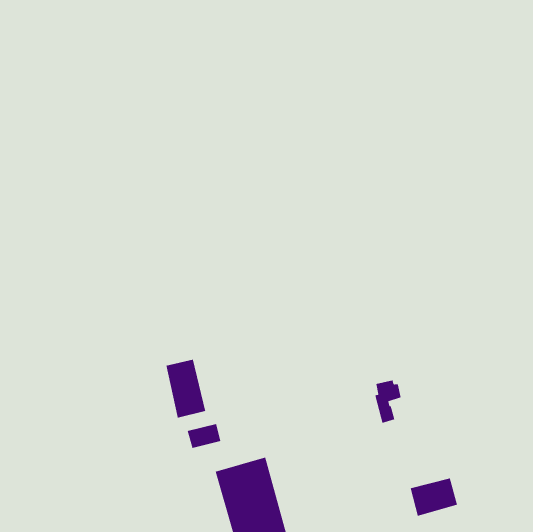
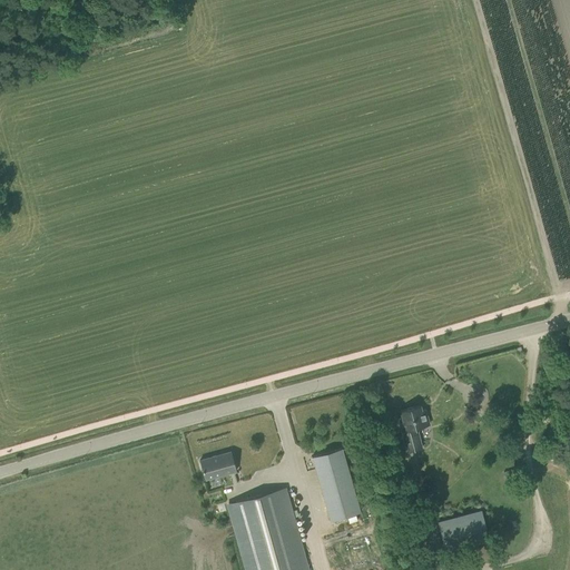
building: [166,359,206,418] -> none
building: none -> [312,449,360,522]

